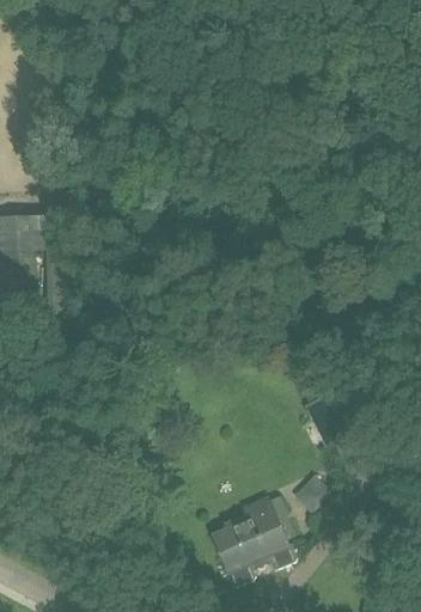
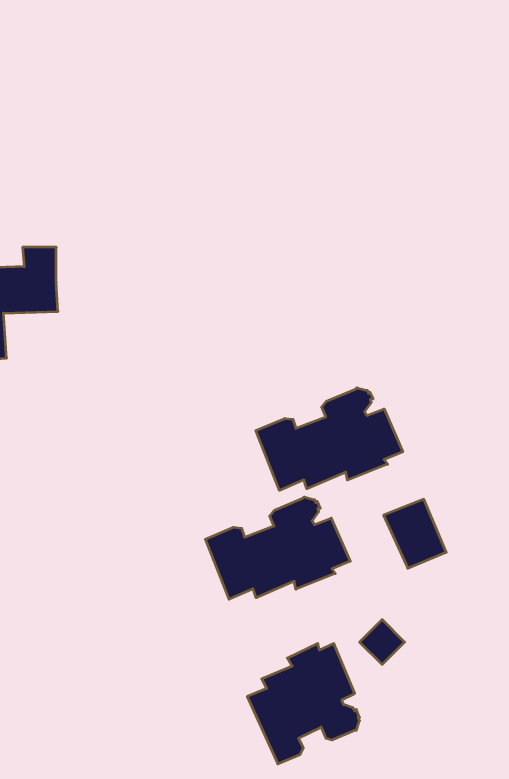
building: none -> [256,388,403,490]
building: none -> [205,497,350,599]

